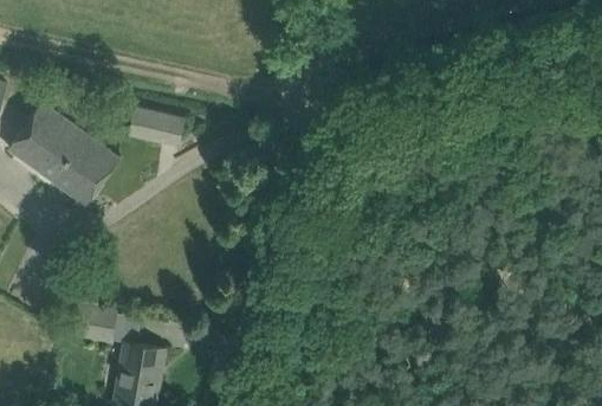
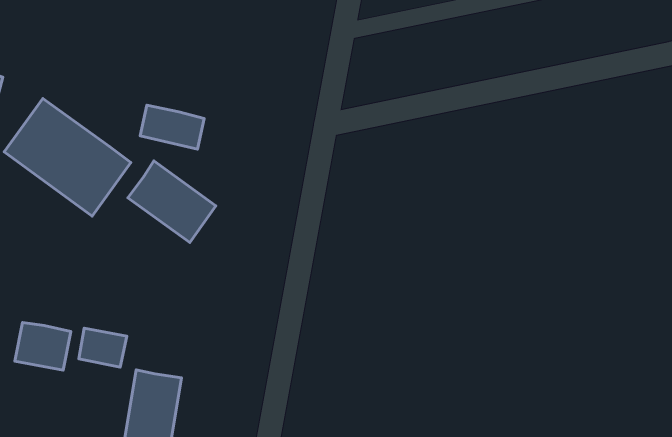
building: none -> [128,161,216,243]
building: none -> [15,323,71,370]

